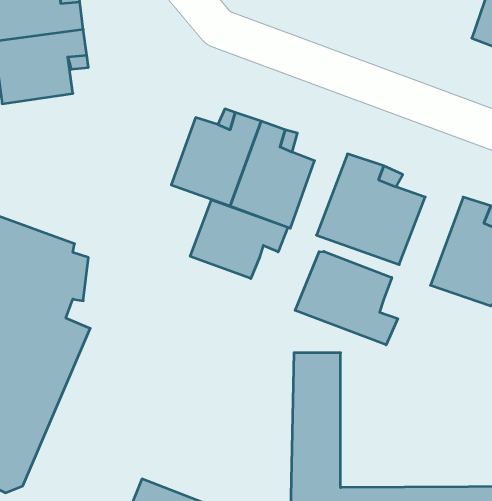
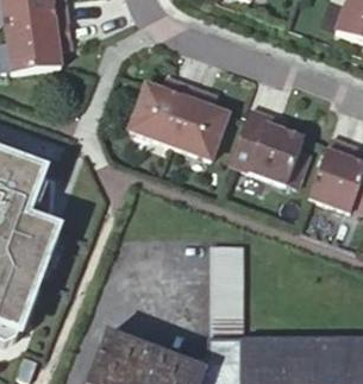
building: [190,200,288,279] -> none
building: [295,251,398,345] -> none

